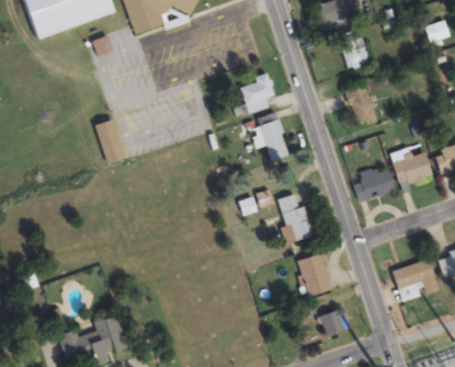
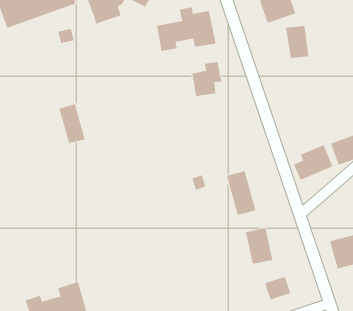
building: none -> [156,7,216,52]
building: [345,85,377,127] -> none
building: [255,113,291,160] -> none

